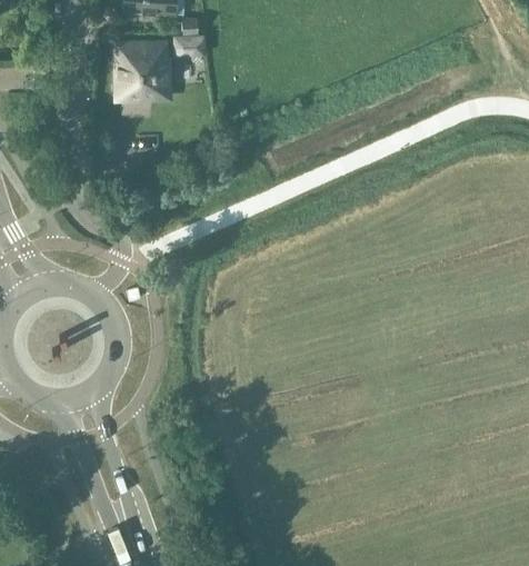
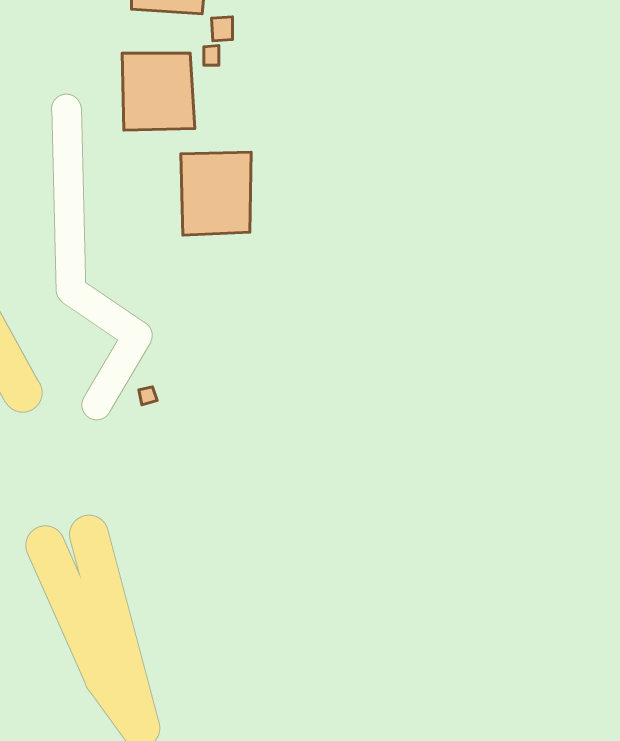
building: none -> [181,152,251,235]

